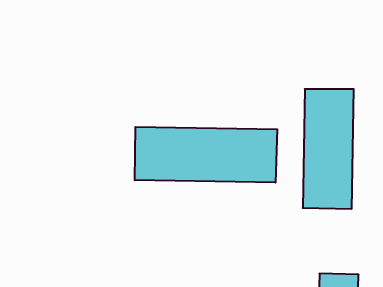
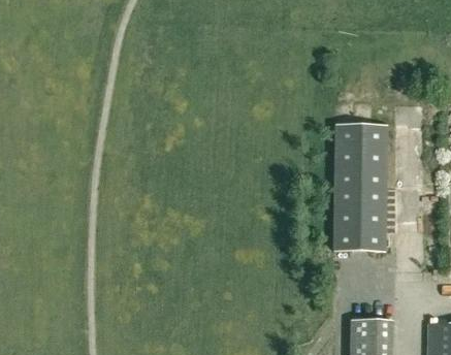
building: [135,127,277,183] -> none

